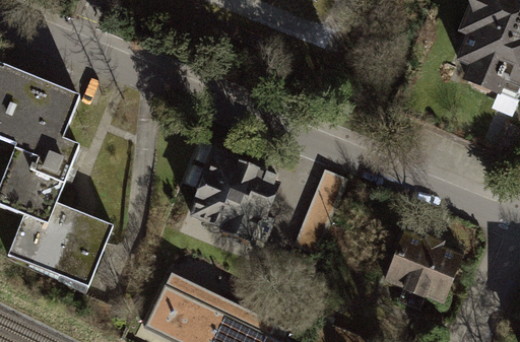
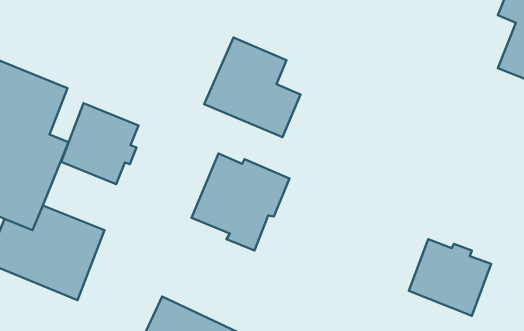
building: none -> [204,38,300,137]
building: none -> [61,103,139,184]
building: [295,166,346,250] -> none

